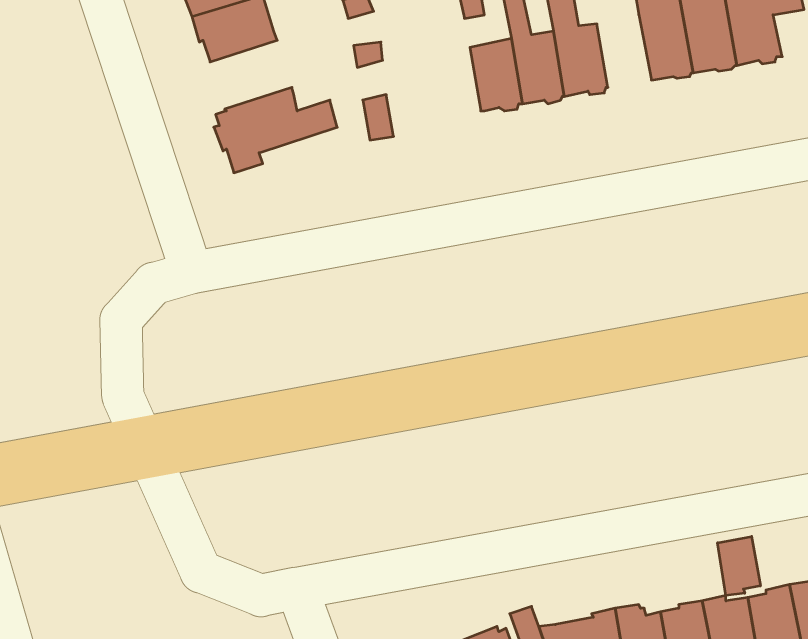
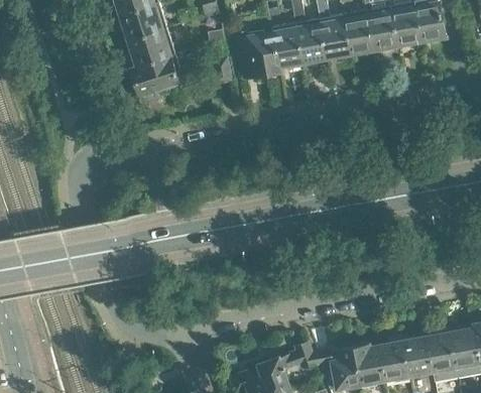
building: none -> [344,14,374,54]
building: none -> [127,28,174,67]
building: none -> [239,32,281,80]
building: [718,536,760,596] -> none

